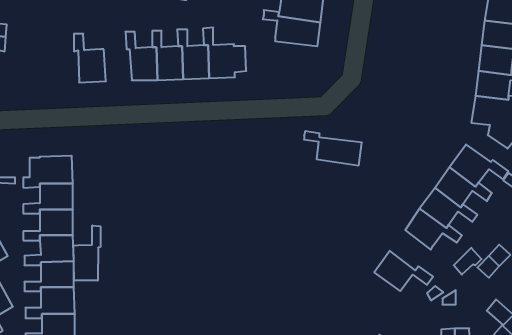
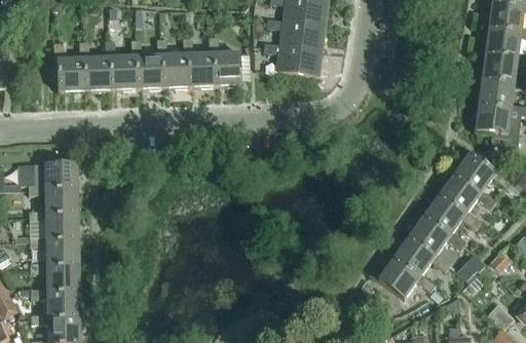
building: none -> [105,40,137,88]
building: none -> [53,42,84,90]
building: [304,131,362,165] -> [264,42,322,76]
building: [74,225,100,281] -> none
building: none -> [393,236,451,276]

